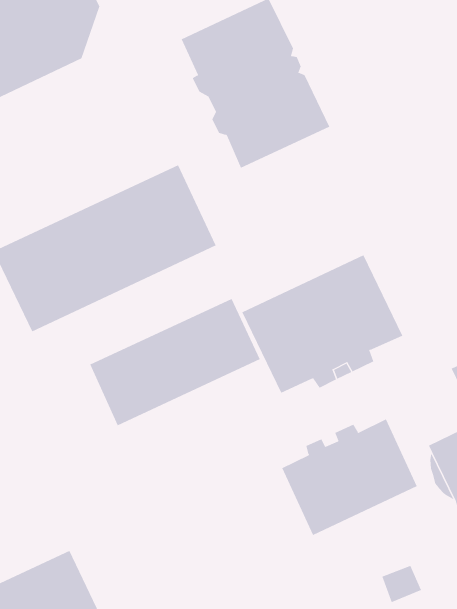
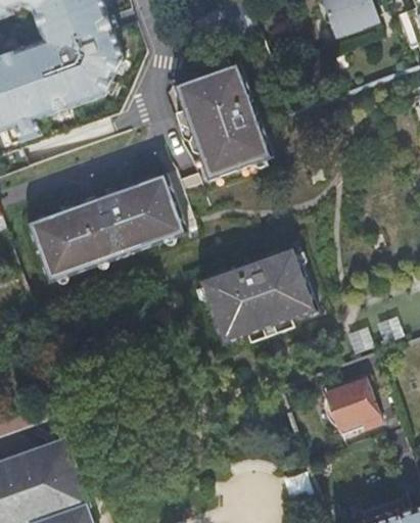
building: [90,298,260,426] -> none
building: [282,418,417,536] -> none

